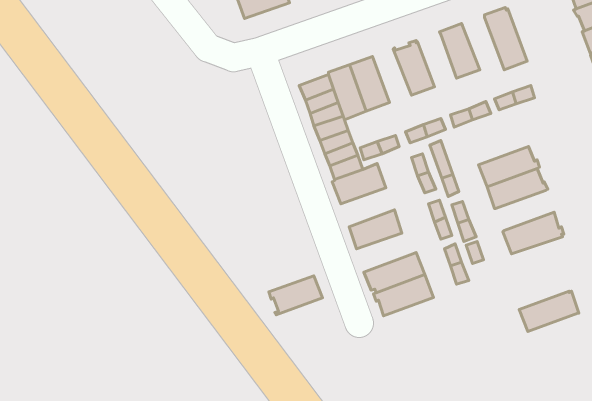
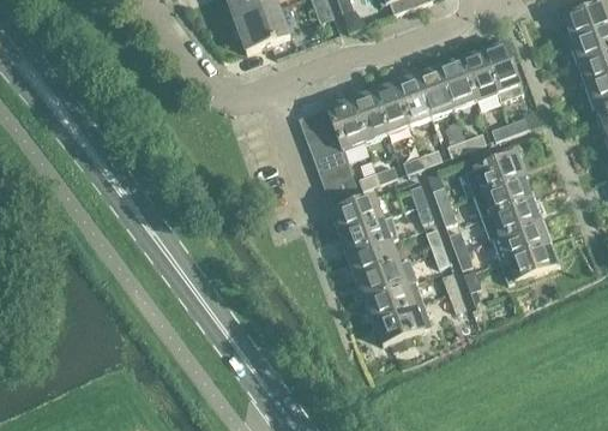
building: none -> [459,48,498,101]
building: none -> [415,64,453,118]
building: none -> [371,80,409,133]
building: none -> [468,154,526,194]
building: none -> [339,214,398,256]
building: [269,276,322,315] -> [355,262,408,300]
building: [519,291,579,331] -> [492,220,550,259]

